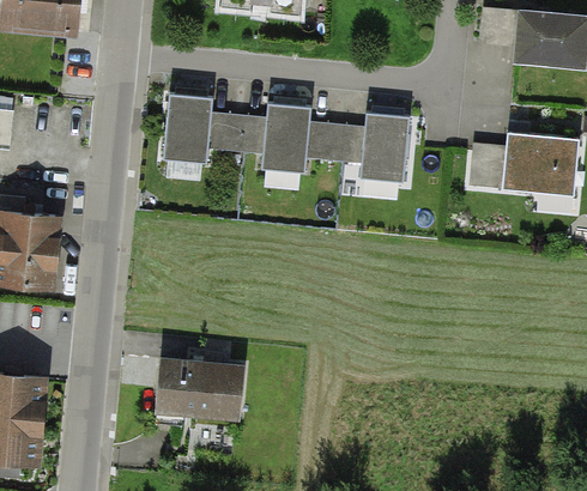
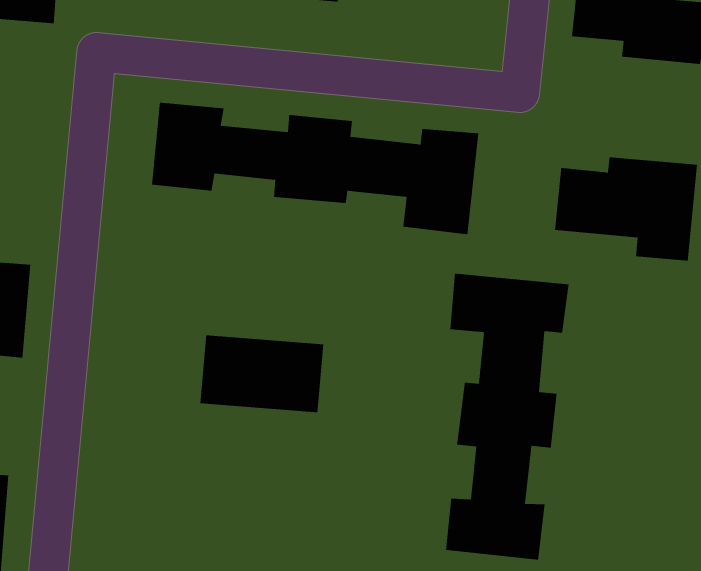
building: none -> [446,273,569,561]
building: [149,360,244,420] -> [199,335,324,413]

